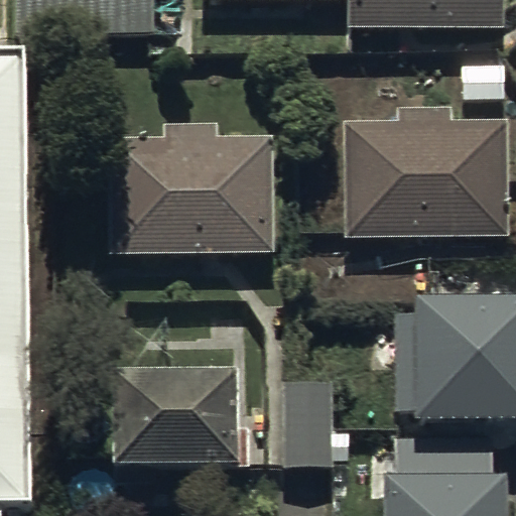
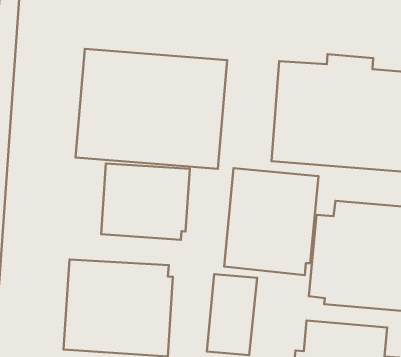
building: none -> [224,168,319,275]
building: none -> [101,163,190,240]

